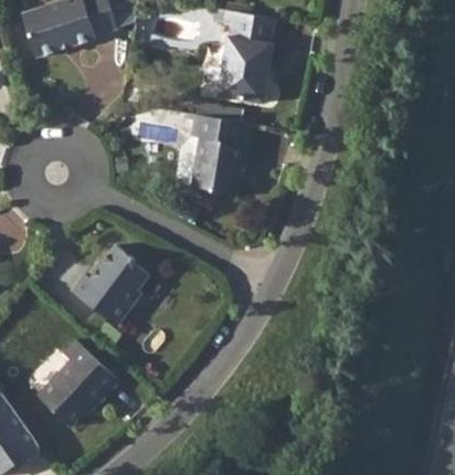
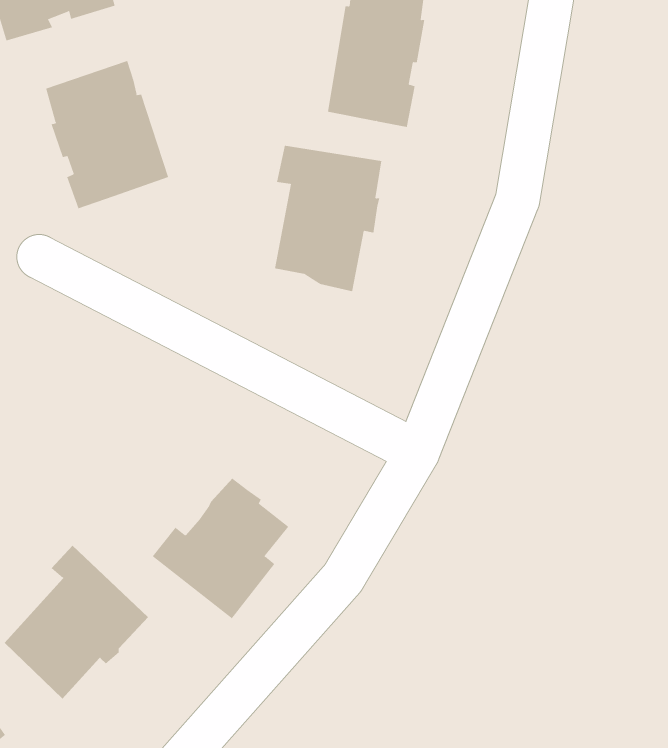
building: none -> [45,60,169,209]
building: [70,246,147,326] -> [152,478,289,619]

